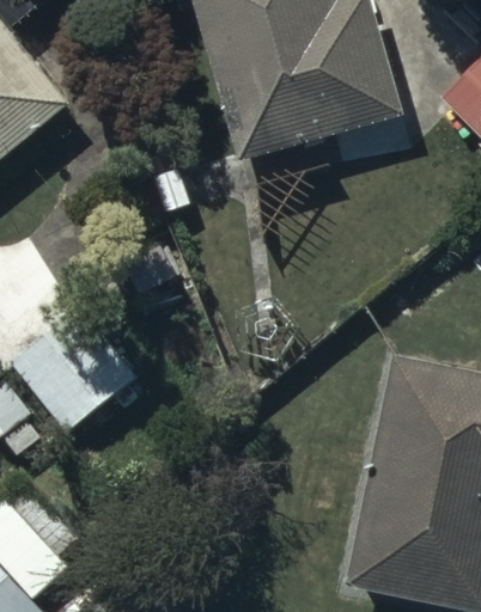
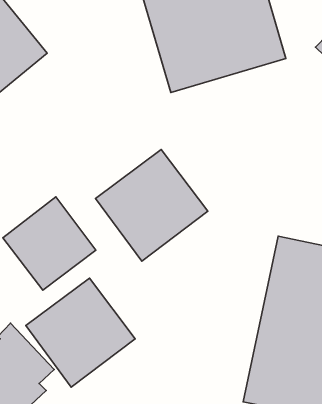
building: none -> [96,150,208,261]
building: none -> [26,278,135,387]

